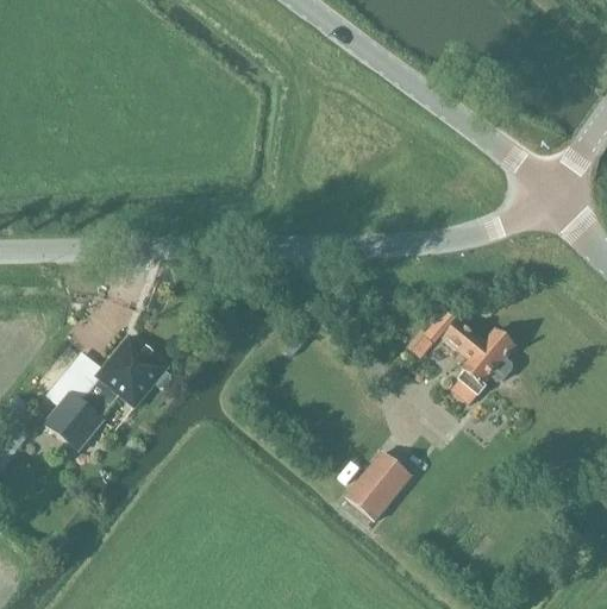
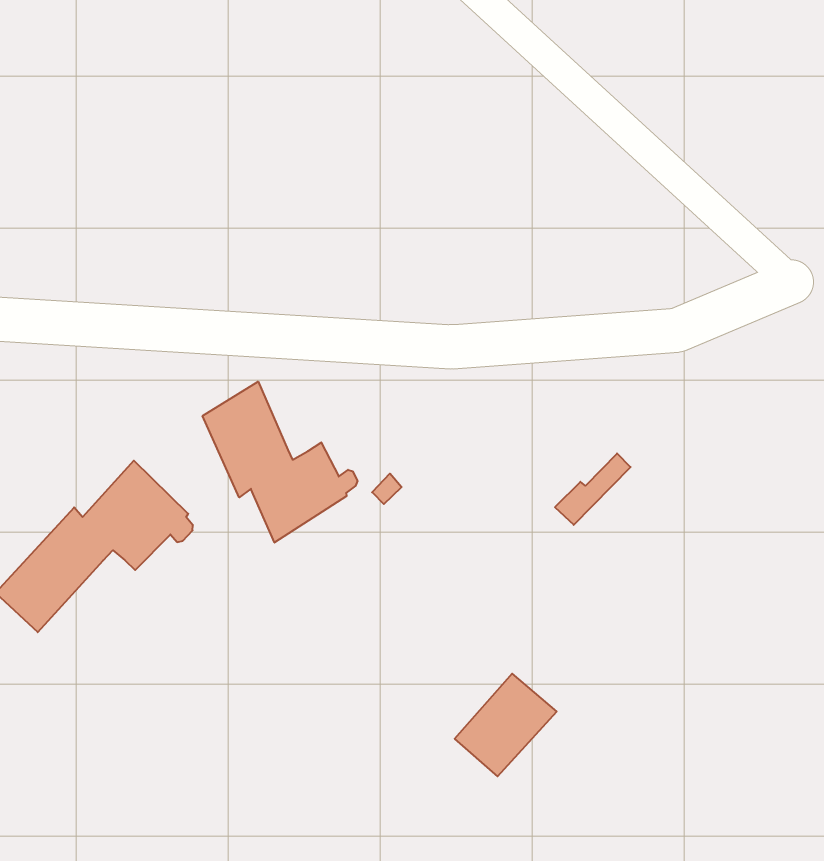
building: none -> [203,382,357,543]
building: [444,320,514,394] -> none

